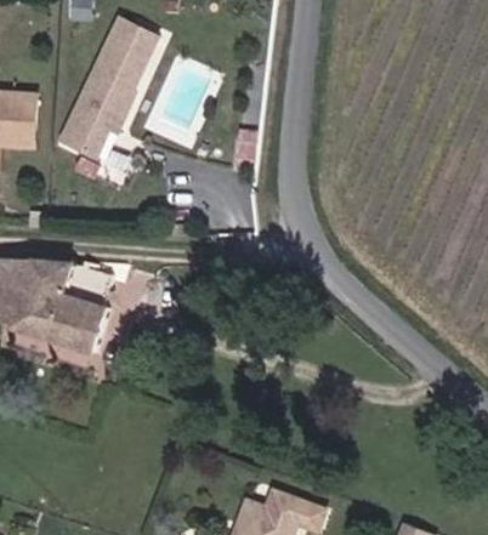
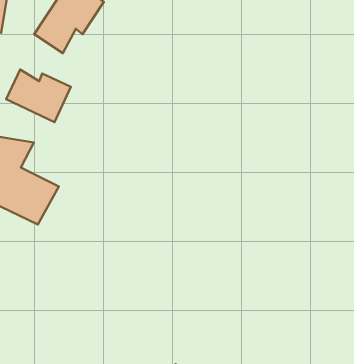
building: none -> [6,69,71,122]

